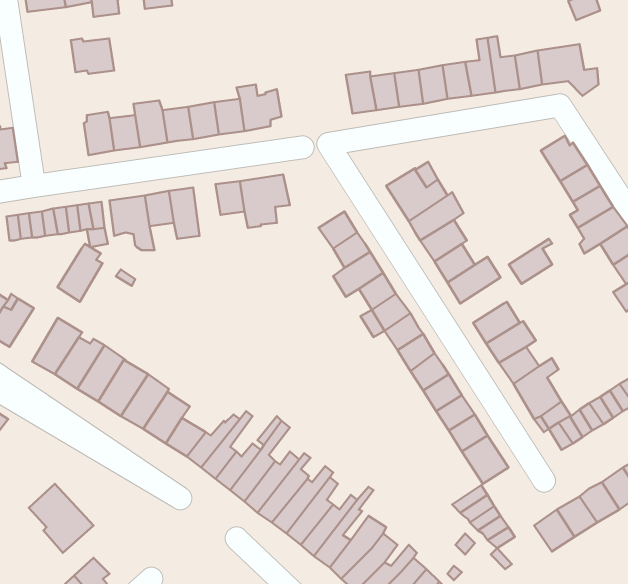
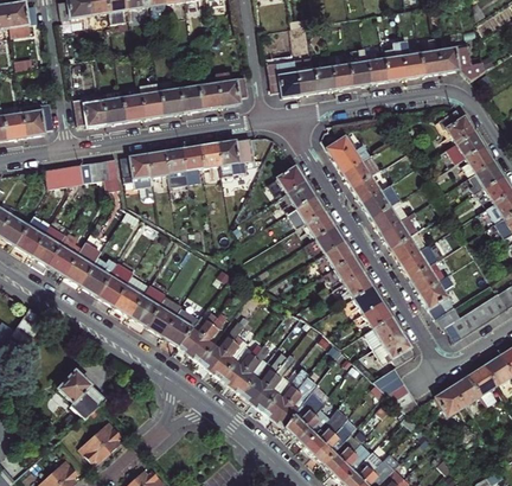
building: [71,38,114,74] -> [73,101,105,127]
building: none -> [268,59,300,97]
building: none -> [183,146,205,184]
building: [509,239,552,284] -> [379,215,411,248]
building: [57,244,102,302] -> [47,234,81,276]

